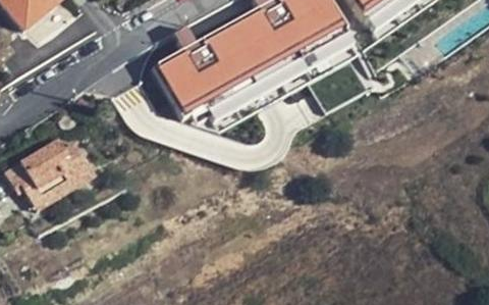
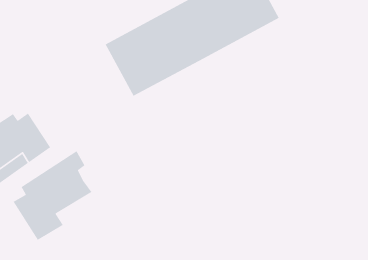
building: none -> [13,150,93,241]

